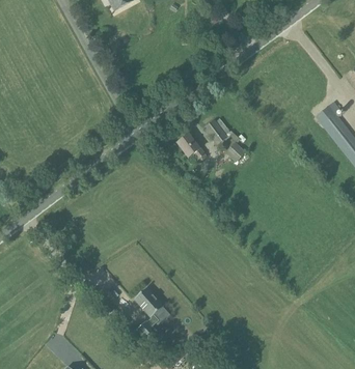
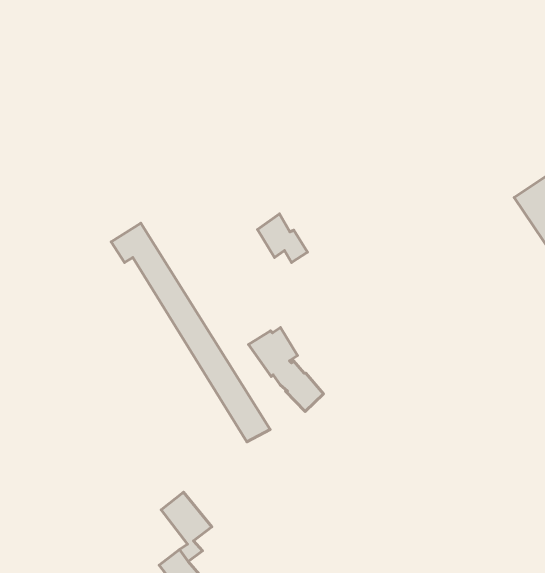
building: [203,117,246,162] -> [249,328,324,412]
building: none -> [111,223,270,442]

